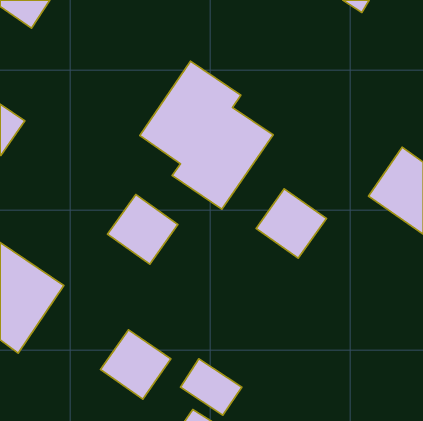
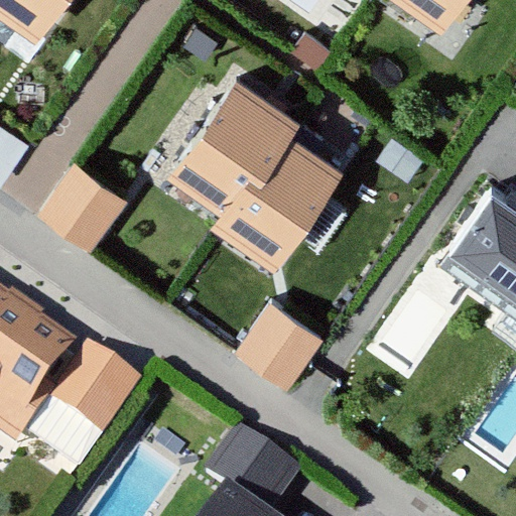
building: [256,189,326,258] -> [242,302,328,387]
building: [108,195,178,264] -> [43,169,129,254]
building: [100,330,171,399] -> [53,357,139,441]

